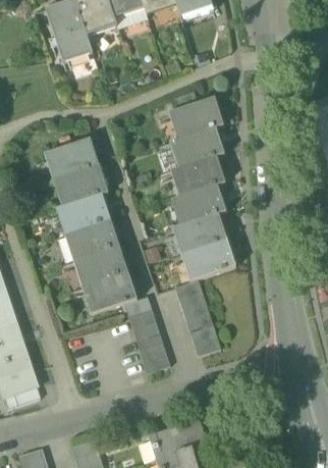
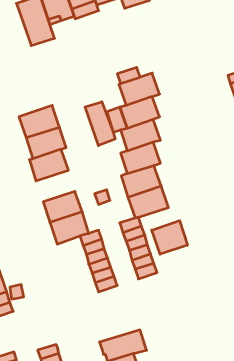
building: none -> [85,102,115,146]
building: [69,219,118,259] -> none
building: none -> [152,221,187,254]

